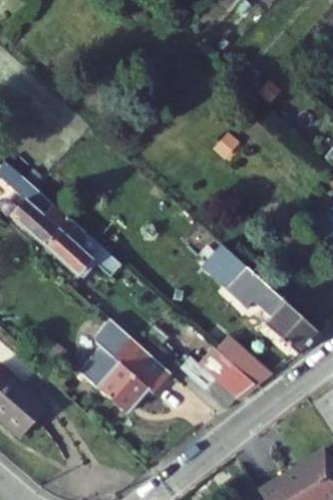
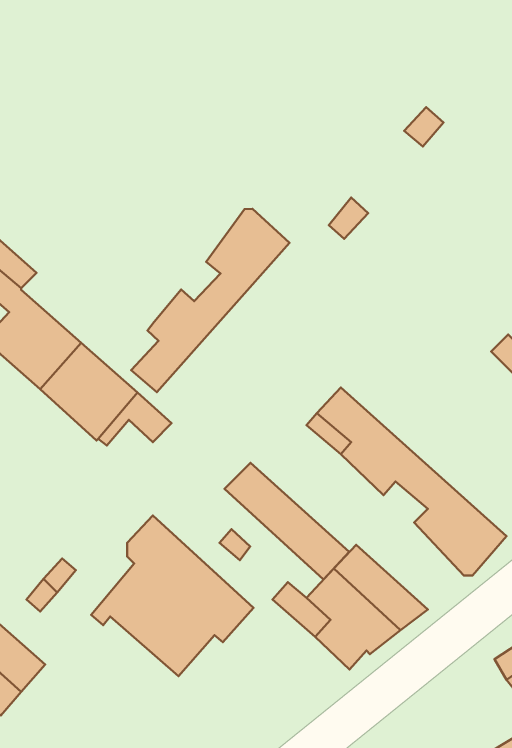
building: none -> [131,209,290,392]
building: none -> [224,463,349,580]

